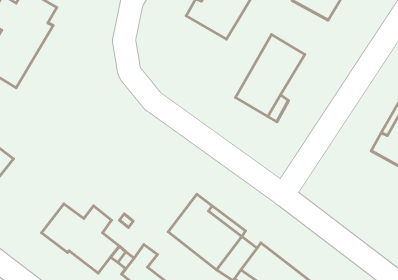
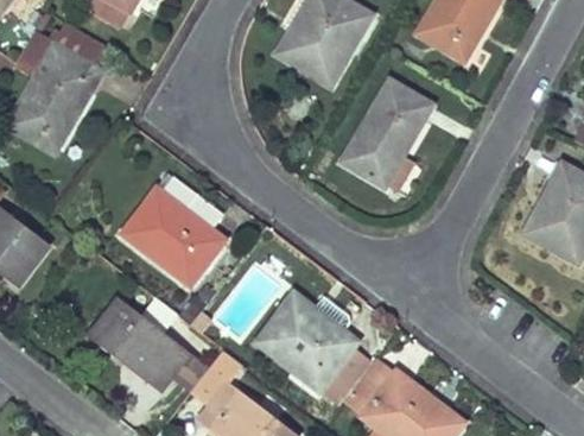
building: none -> [122,178,224,289]

